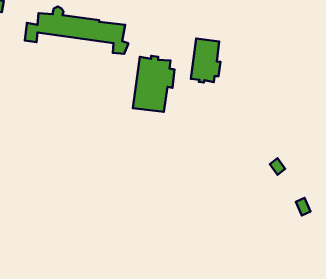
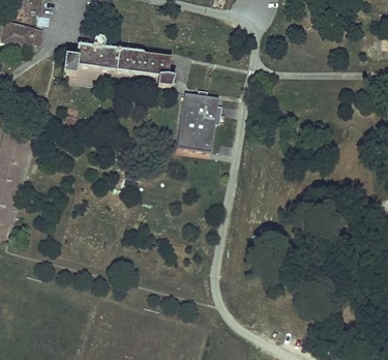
building: [191,38,221,83] -> none

